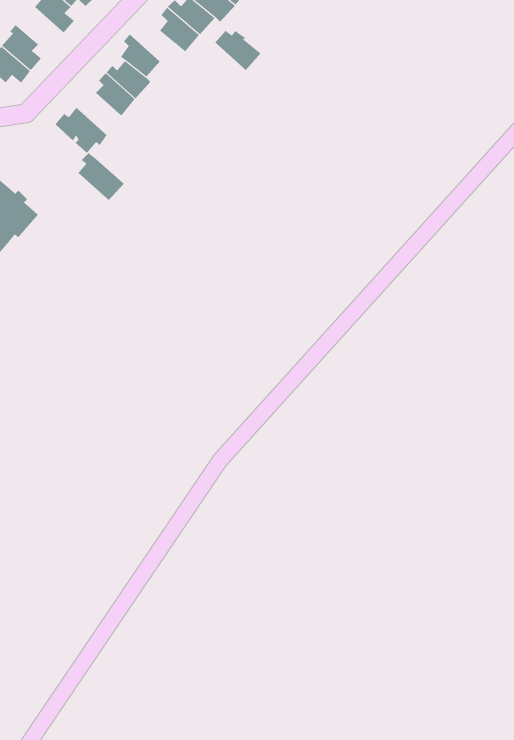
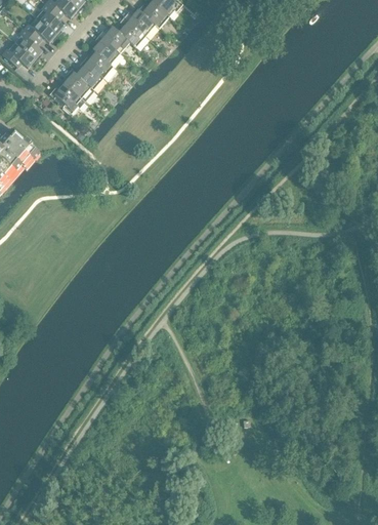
building: none -> [25,16,56,42]
building: [214,30,261,71] -> [99,26,130,52]
building: [78,152,125,201] -> [65,69,95,100]

